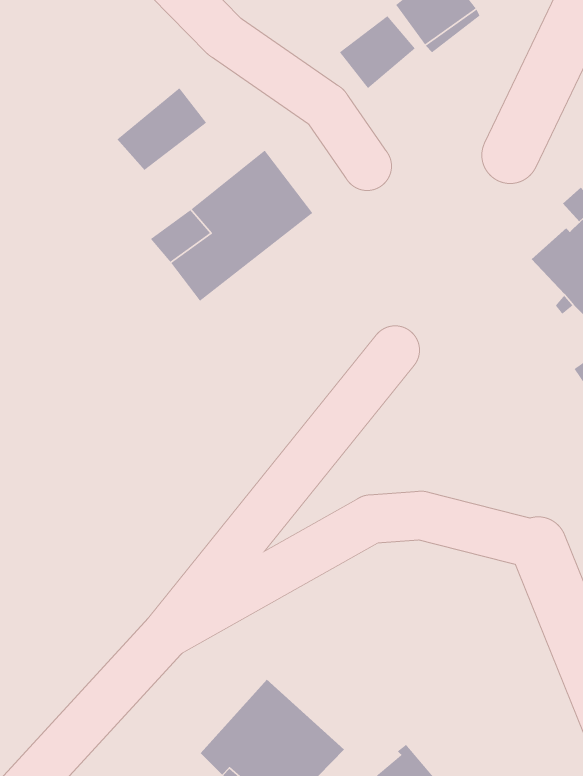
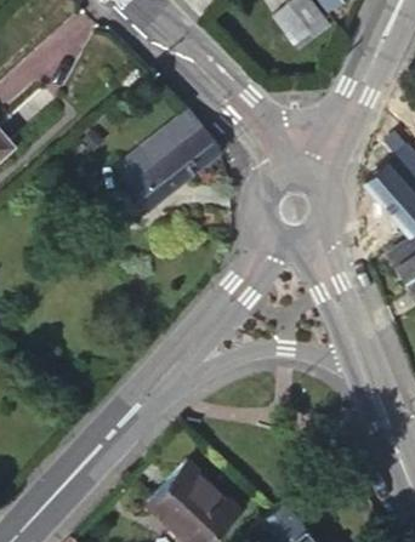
building: [339,15,416,89] -> none
building: [117,87,207,171] -> none

